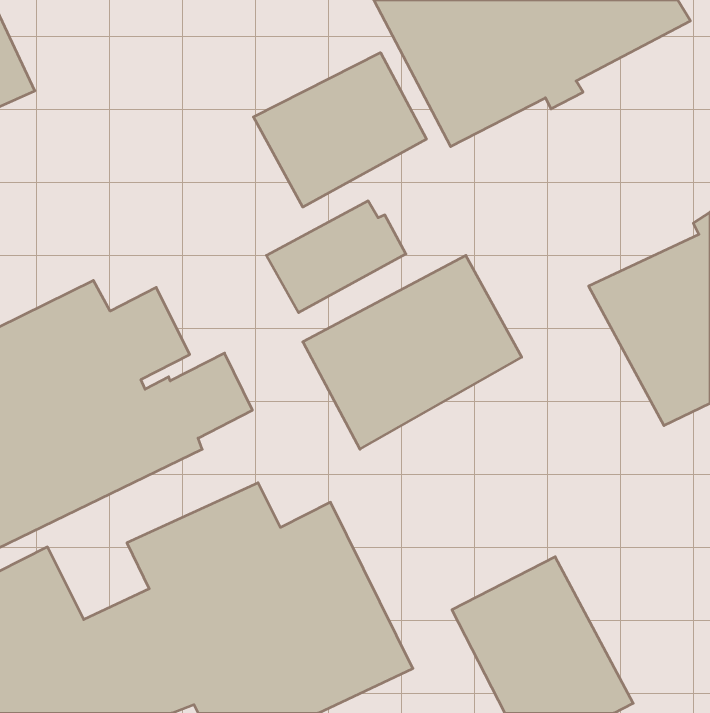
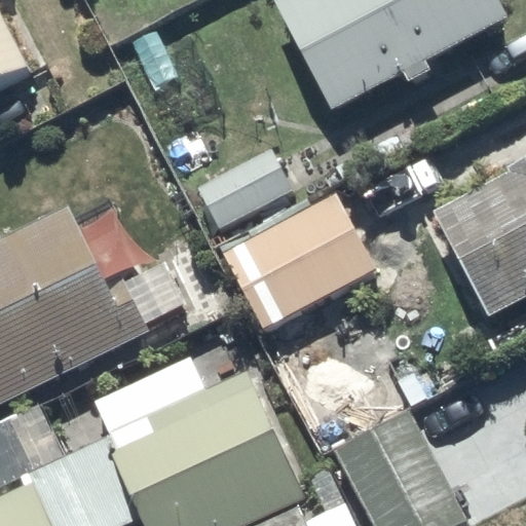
building: [253,53,426,207] -> none

